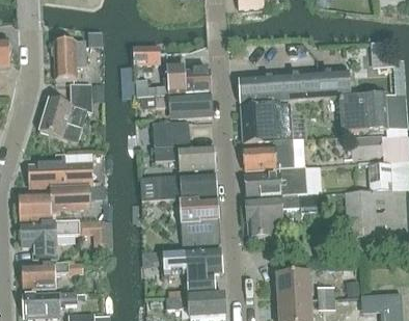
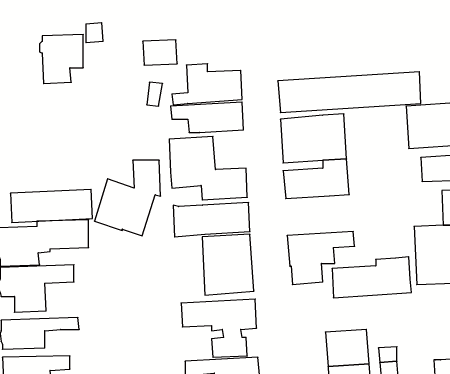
building: [39,83,91,142] -> [94,160,161,236]
building: [245,165,307,197] -> [332,257,411,298]

